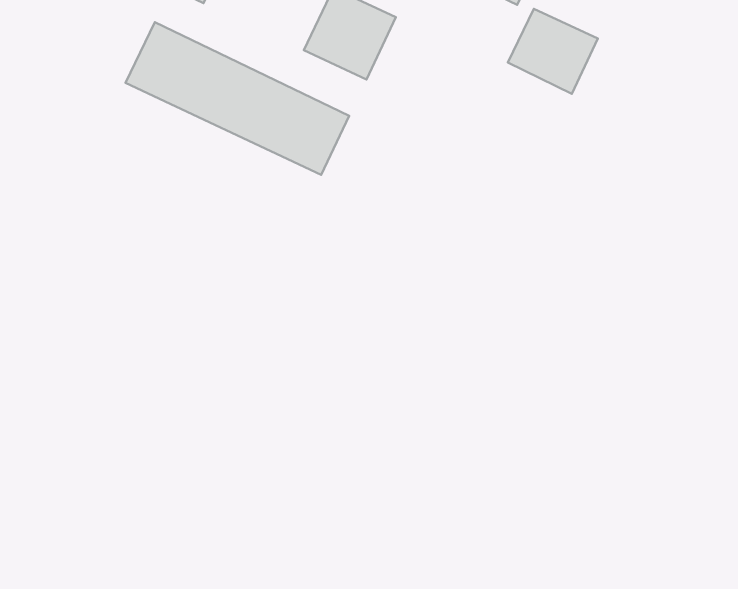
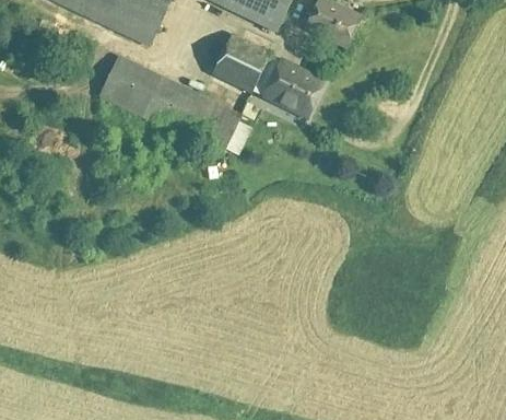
building: [508,9,598,94] -> [266,60,322,114]

